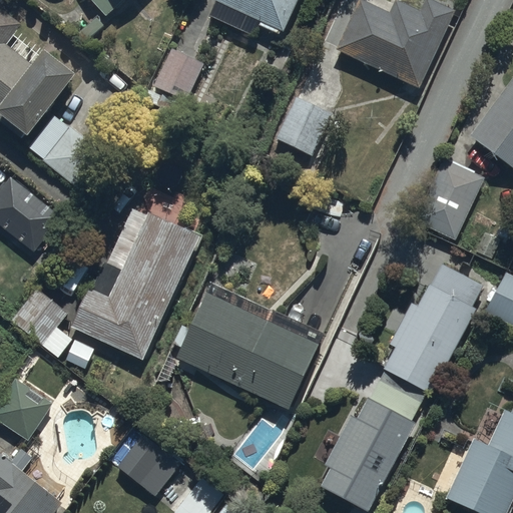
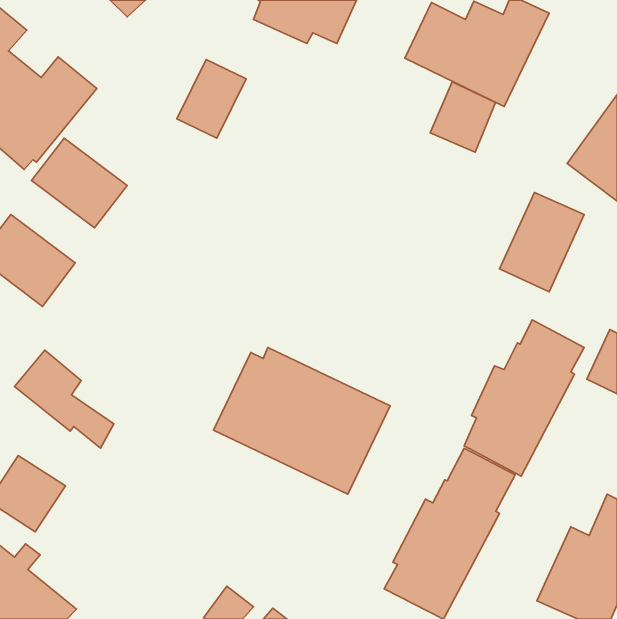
building: [275,96,329,154] -> [430,82,496,152]
building: [70,209,202,362] -> none
building: [118,434,181,496] -> none

